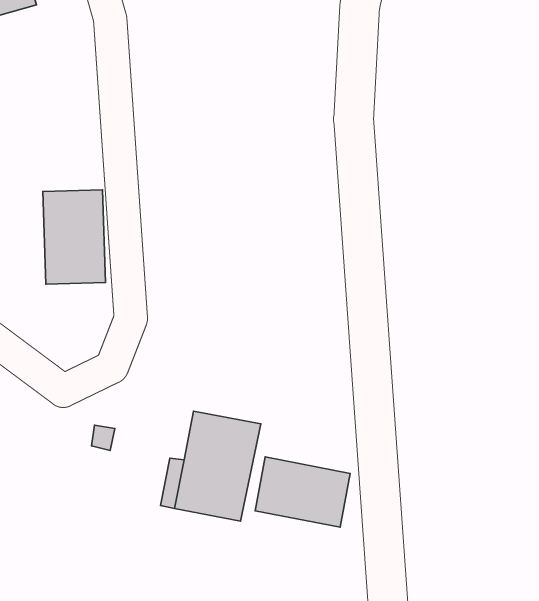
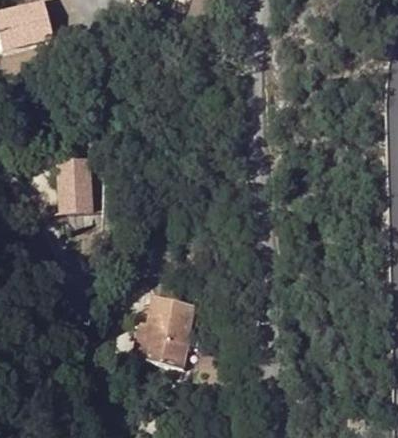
building: [255,457,350,527] -> none

